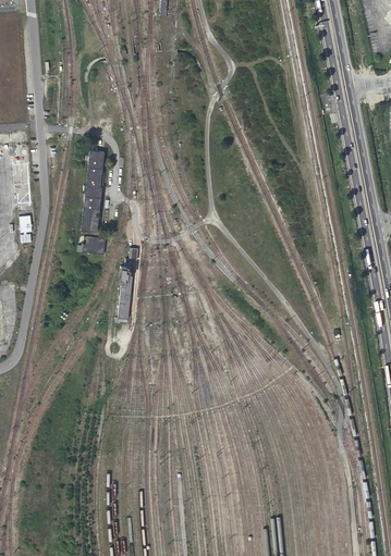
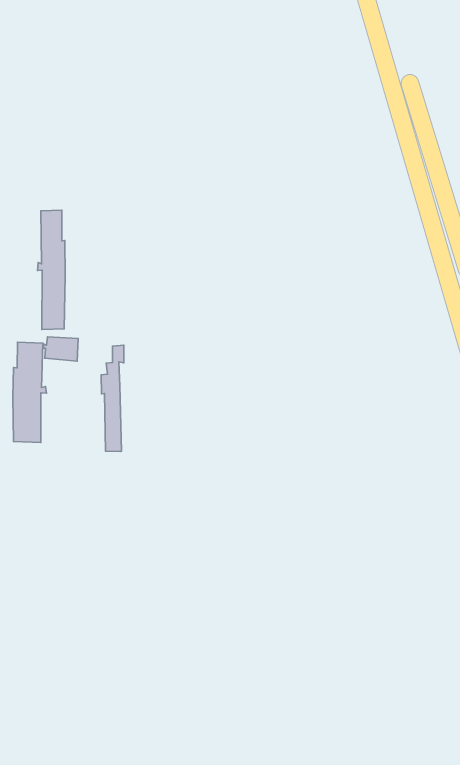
building: none -> [13,342,47,443]

